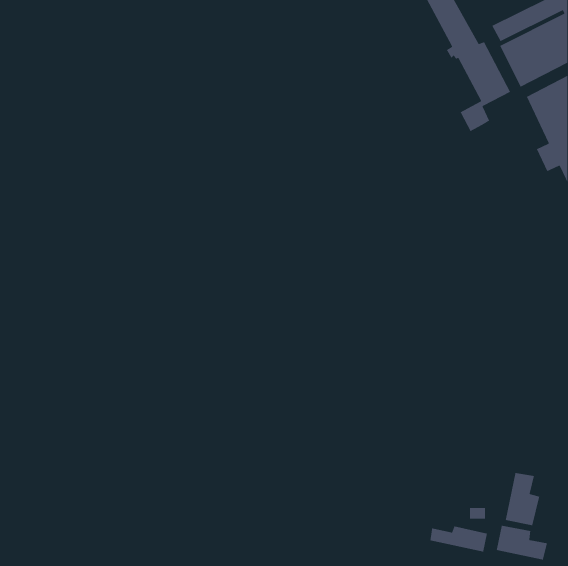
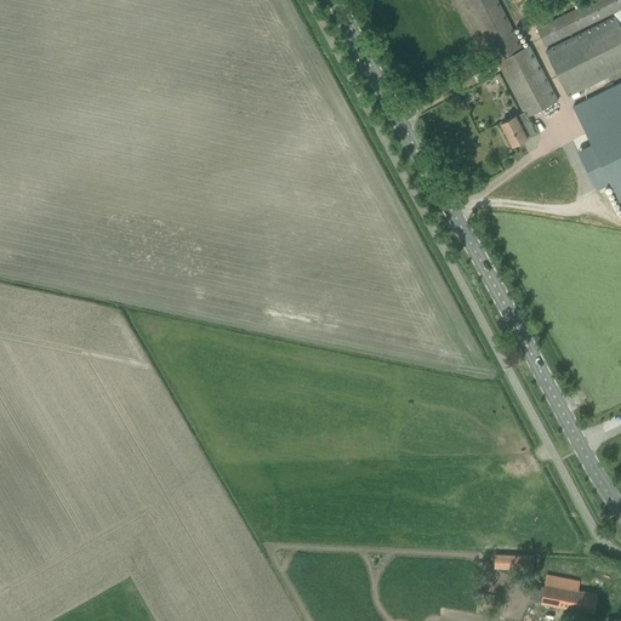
building: [505,472,540,526] -> none
building: [429,525,488,552] -> none

